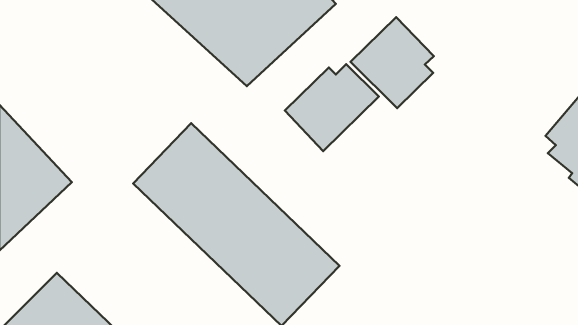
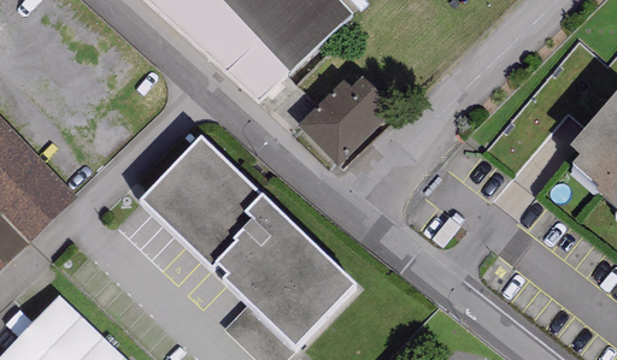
building: [350,17,434,108] -> none

